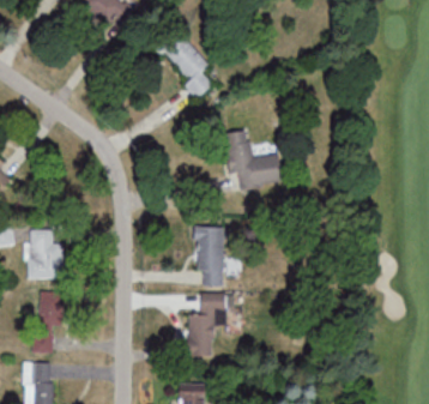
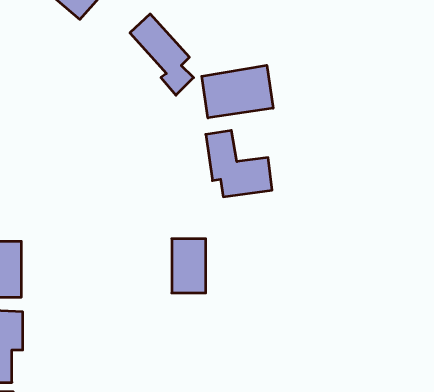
building: none -> [202,65,273,118]
building: [187,294,224,357] -> none

